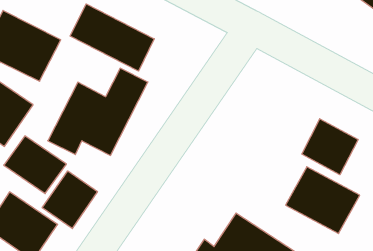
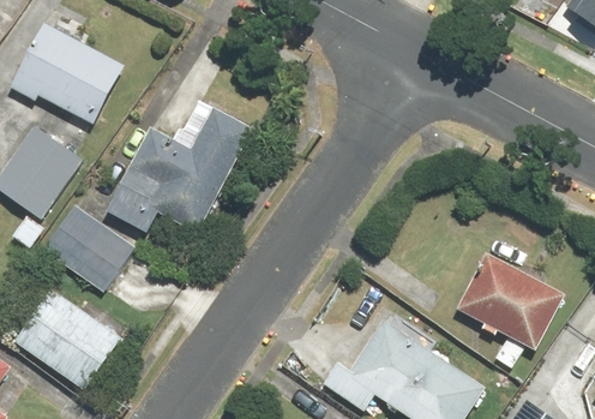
building: [70,4,154,71] -> none
building: [302,119,358,175] -> none
building: [42,171,97,229] -> none

